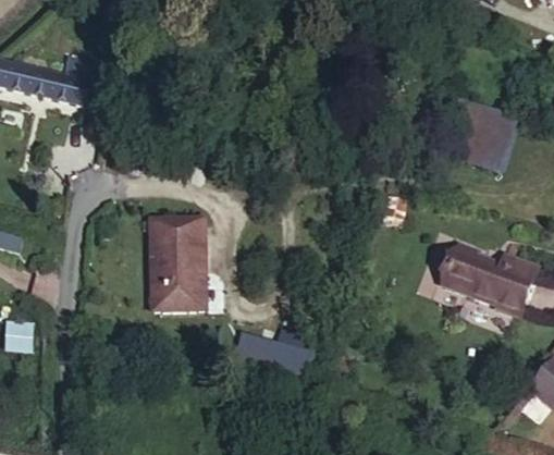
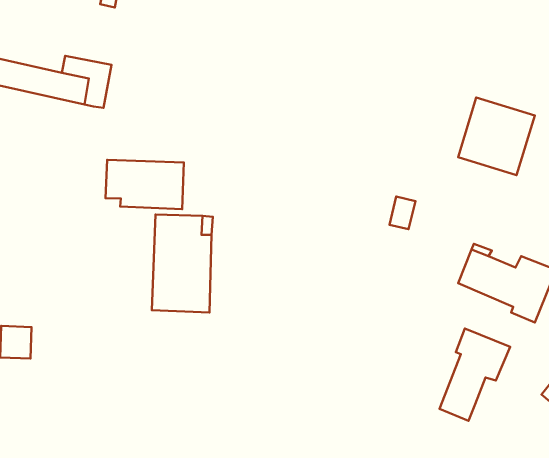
building: none -> [105,160,184,209]
building: none -> [440,329,510,421]
building: [241,337,313,372] -> none

